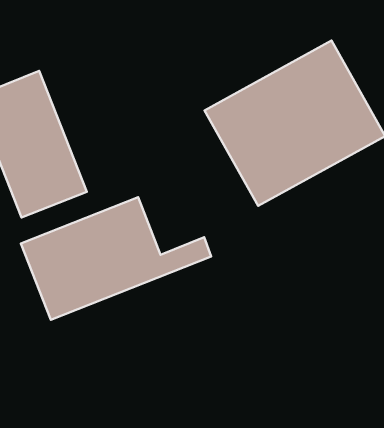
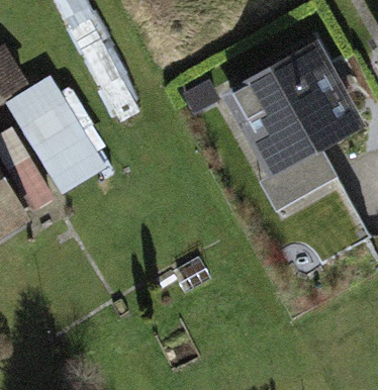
building: [21,197,211,320] -> none

